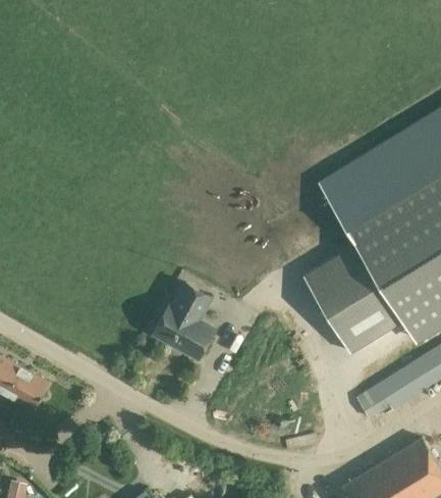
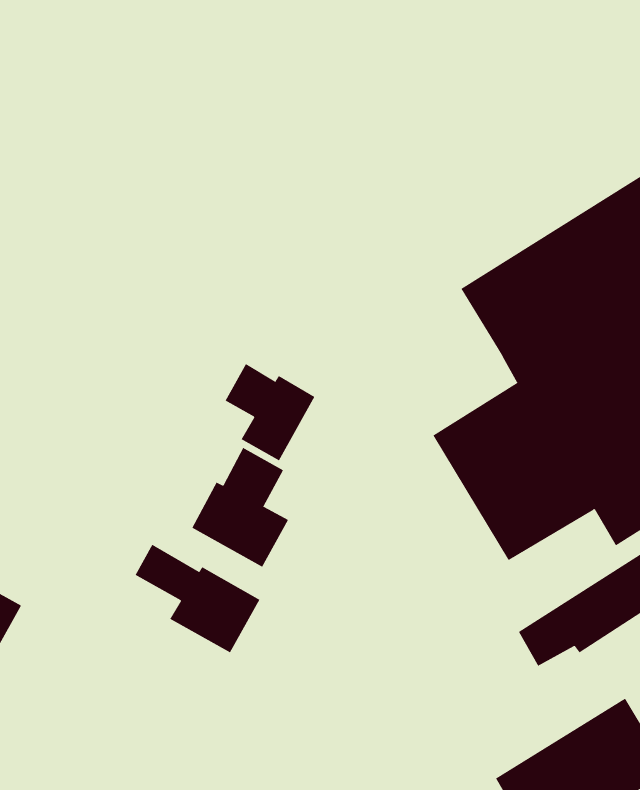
building: none -> [225,363,315,461]
building: none -> [135,544,260,653]

